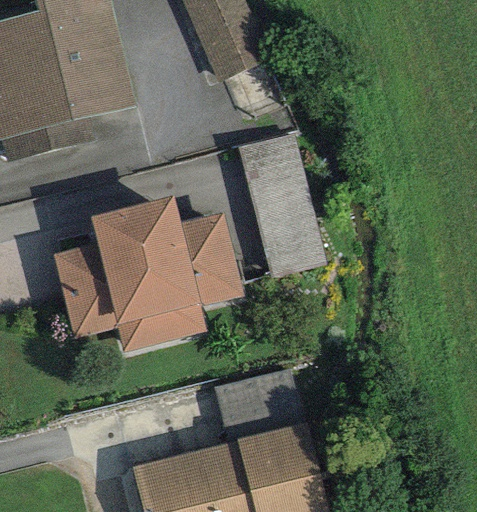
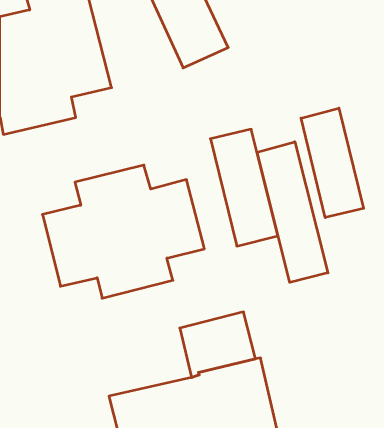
building: none -> [301,108,364,218]
building: none -> [257,142,328,282]

